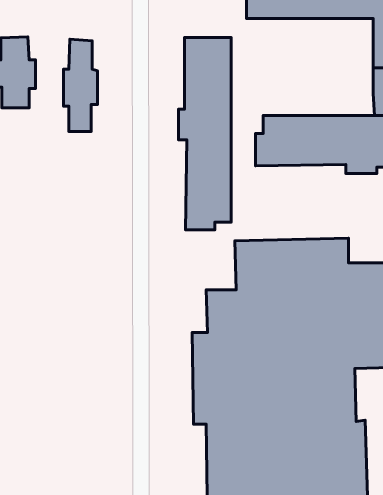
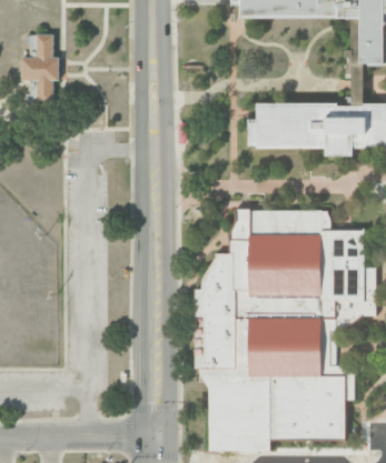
building: [179,37,231,230] -> none
building: [64,39,97,131] -> none

